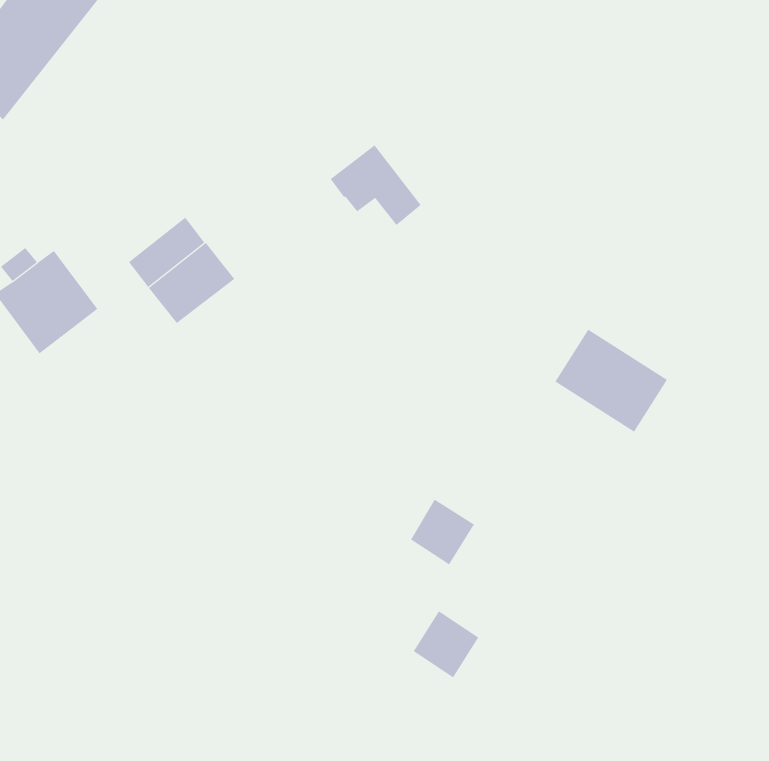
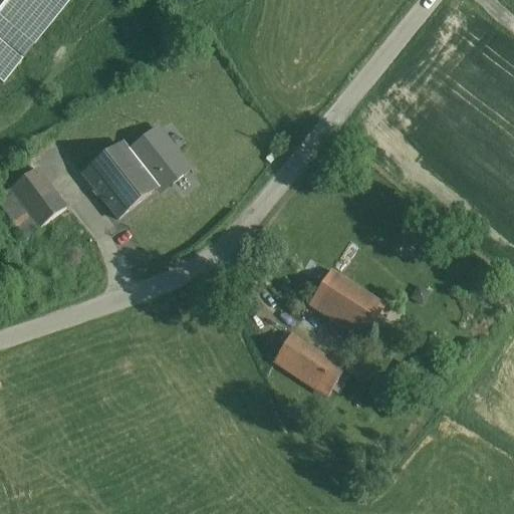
building: [330,144,422,226] -> [127,126,189,181]
building: [555,329,668,433] -> [308,268,383,337]
building: [413,610,479,678] -> [299,349,343,395]

